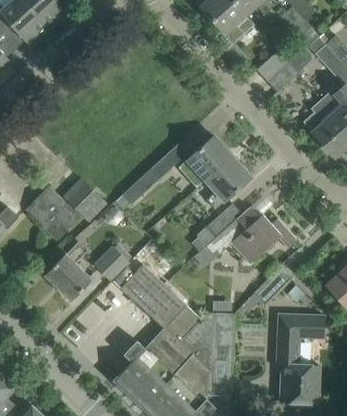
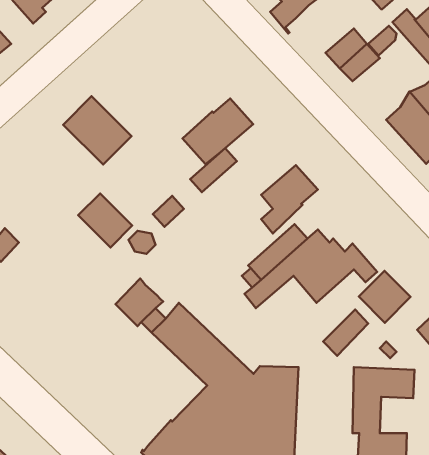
building: [178,137,233,188] -> [182,99,253,164]
building: [27,187,80,240] -> [63,96,131,165]
building: none -> [359,271,411,323]
building: [44,242,93,301] -> none

